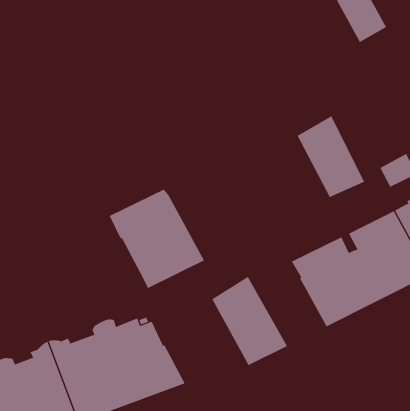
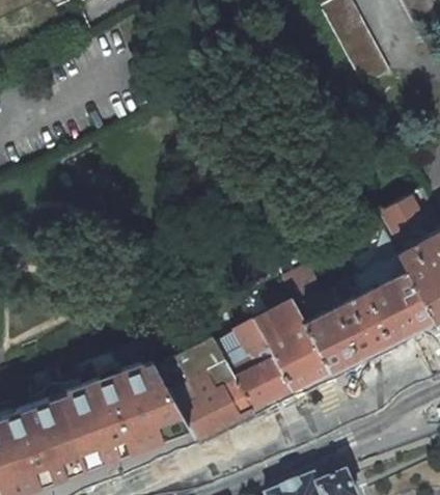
building: [297,116,365,198] -> none
building: [109,189,205,289] -> [156,340,251,440]
building: none -> [251,302,329,392]

